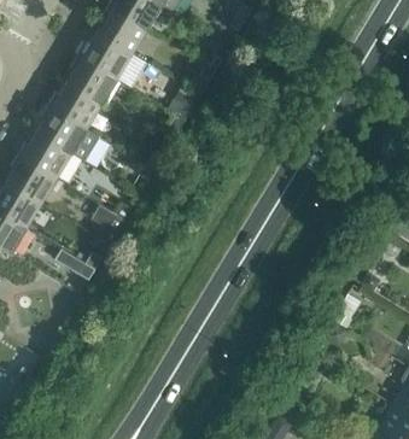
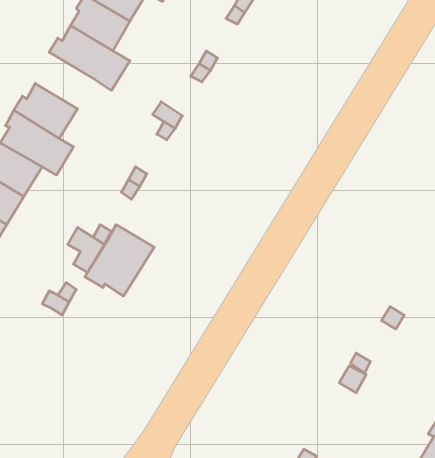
building: [65,55,116,104] -> none
building: none -> [85,225,154,296]

